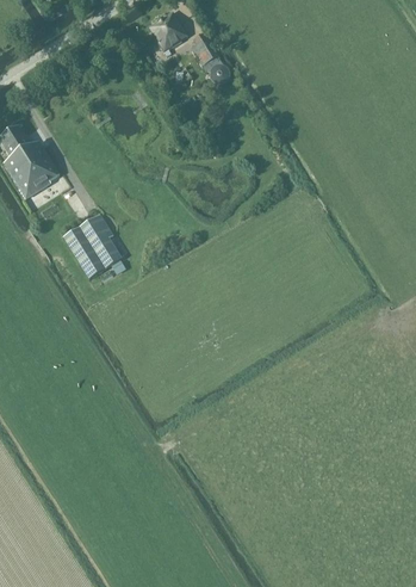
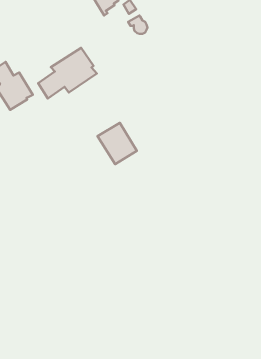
building: none -> [38,48,97,98]
building: [63,215,122,277] -> [97,123,137,164]

